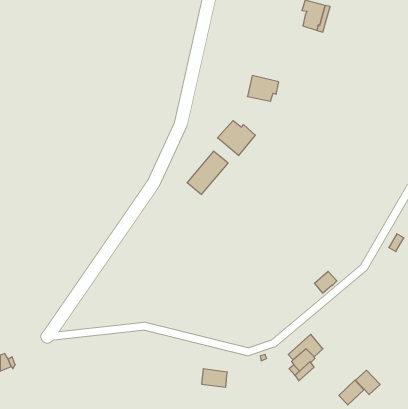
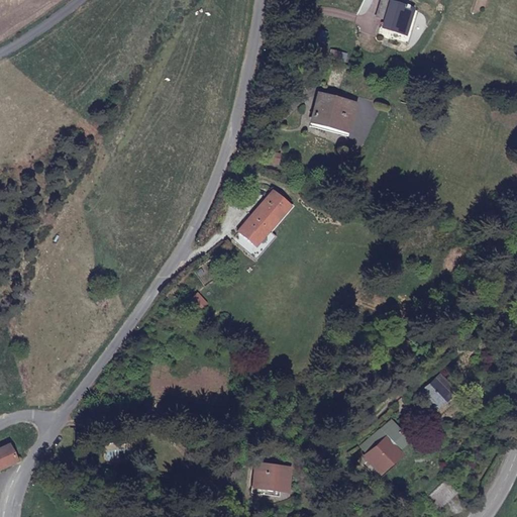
building: [217,121,255,156] -> none
building: [314,271,337,293] -> [422,376,450,403]
building: [355,370,380,395] -> none

